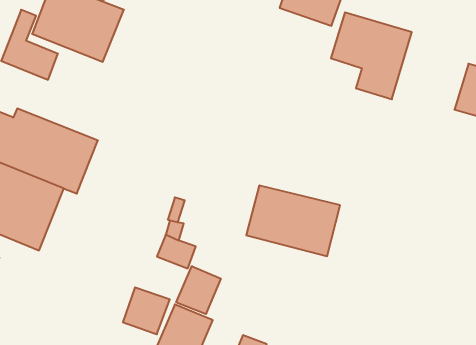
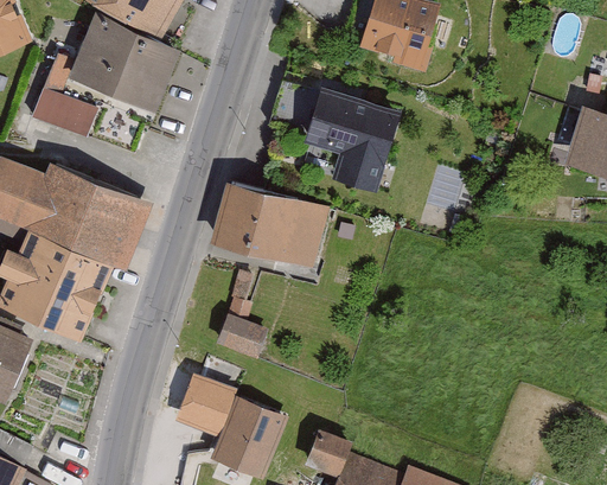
building: [331,12,412,99] -> [302,89,398,192]
building: [246,185,340,256] -> [216,183,327,267]
building: [176,266,221,314] -> none

